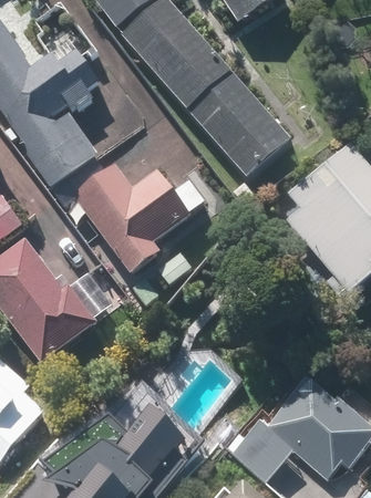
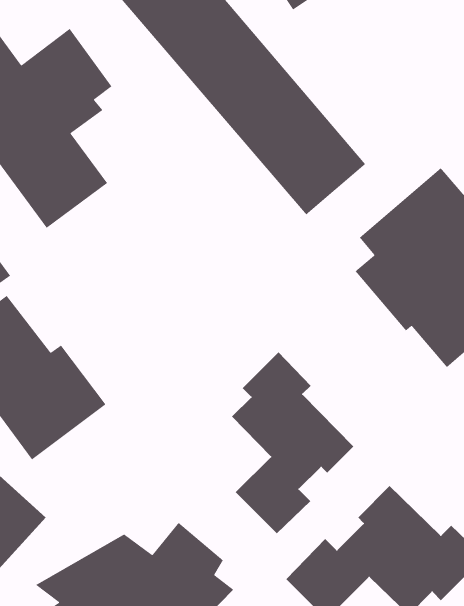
building: [56,159,206,273] -> none
building: none -> [231,352,354,534]

